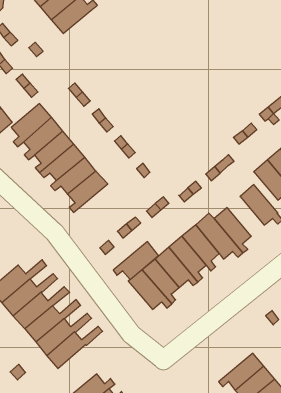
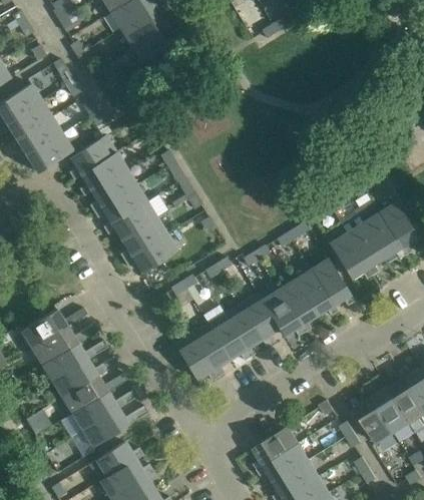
building: none -> [295,270,338,316]
building: [113,242,159,280] -> [125,234,177,274]
building: none -> [254,426,300,470]
building: none -> [83,406,148,447]

